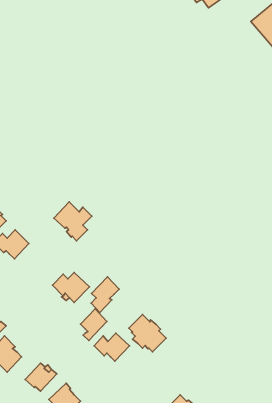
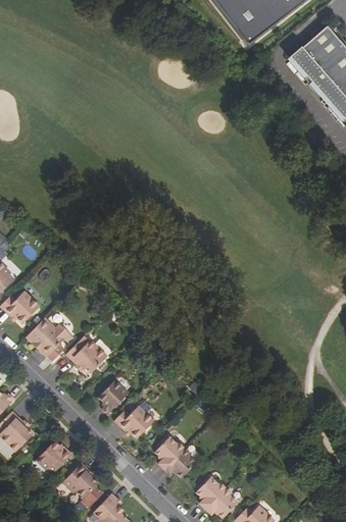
building: [54,202,92,241] -> [27,318,69,362]
building: [91,277,119,312] -> none
building: [129,315,166,352] -> [153,435,195,477]

